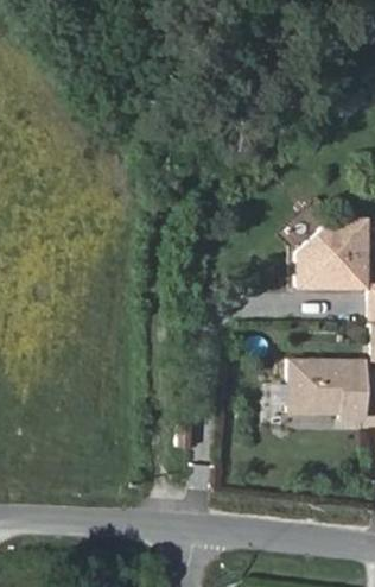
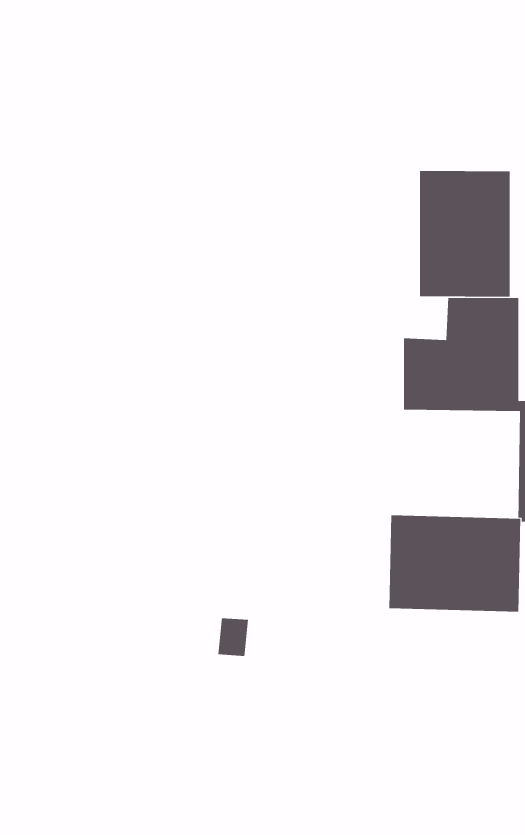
building: none -> [419,170,510,297]

